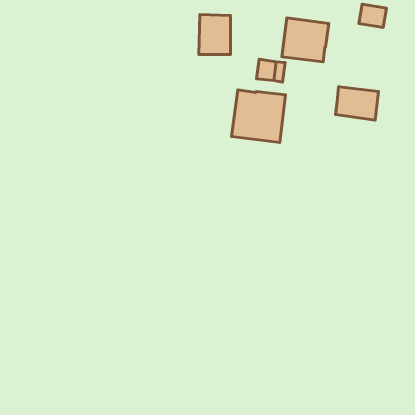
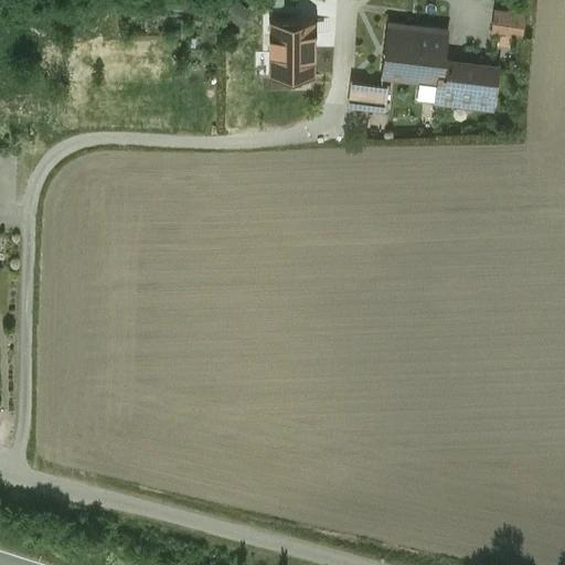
building: [335,87,378,120] -> [437,64,495,109]
building: [232,90,285,143] -> none

